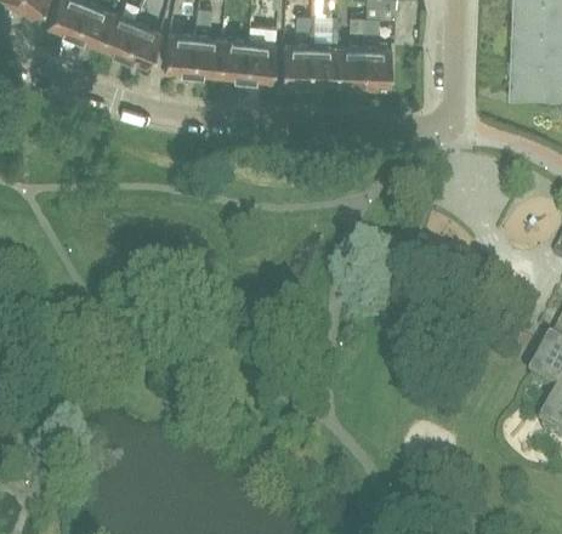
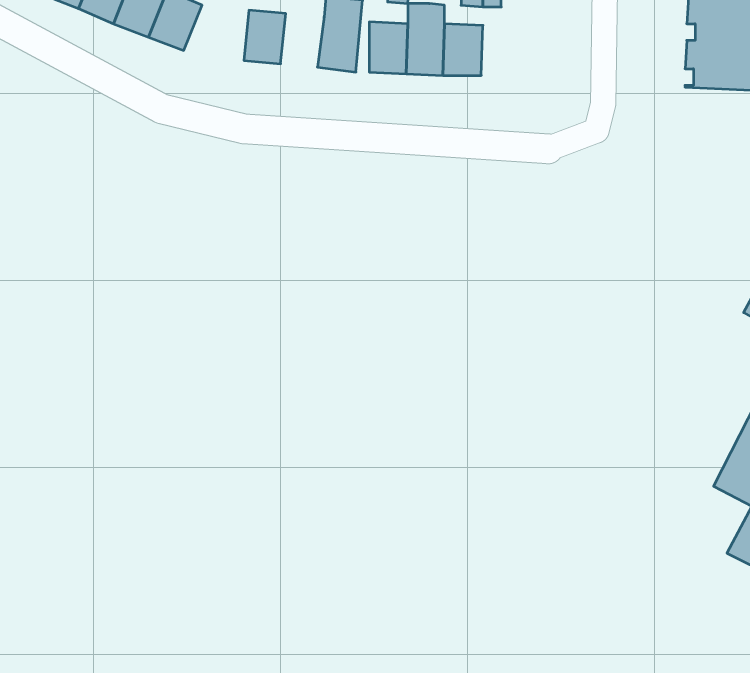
building: [164,32,194,70] -> none
building: [217,36,249,75] -> none
building: [363,45,391,83] -> none

